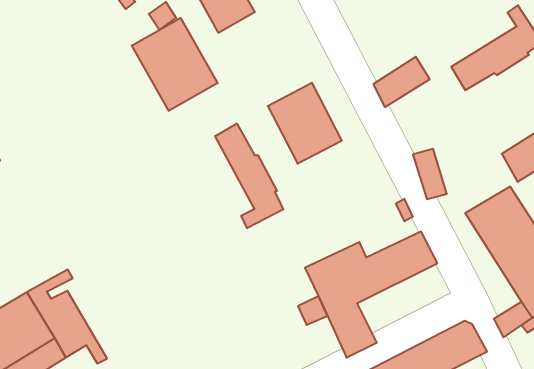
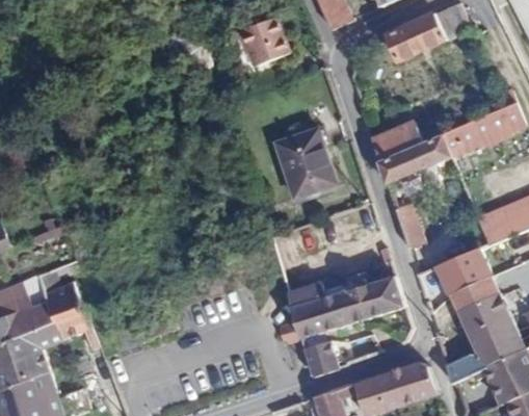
building: [132,18,218,111] -> none
building: none -> [378,134,452,184]
building: [215,124,283,228] -> none

